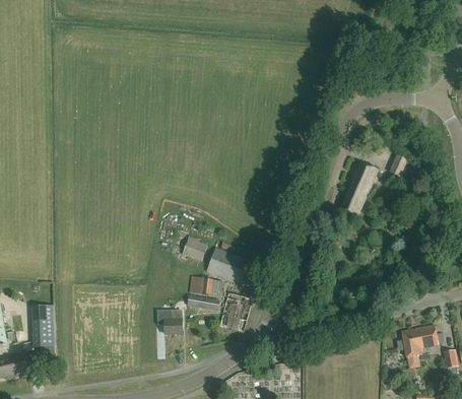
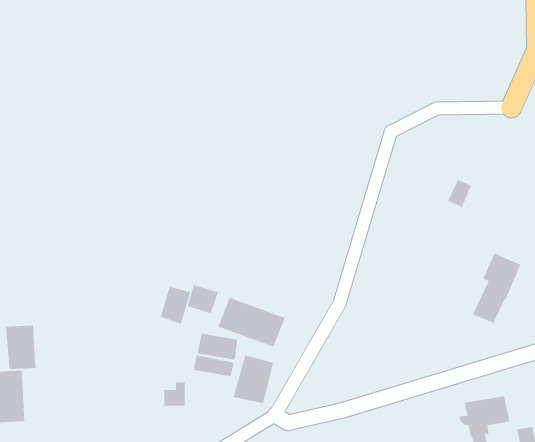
building: [338,159,377,215] -> [472,253,521,323]
building: none -> [160,286,191,324]
building: none -> [6,325,36,370]

